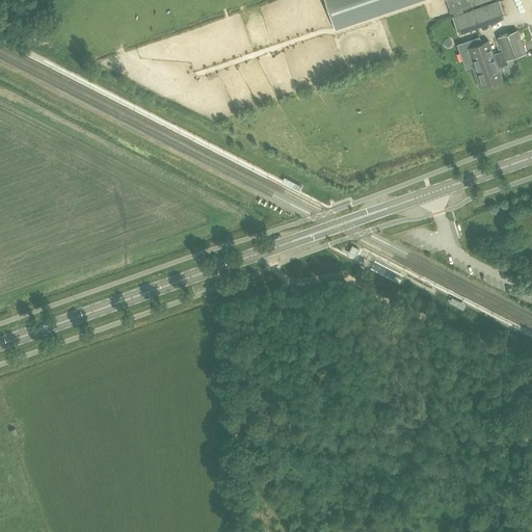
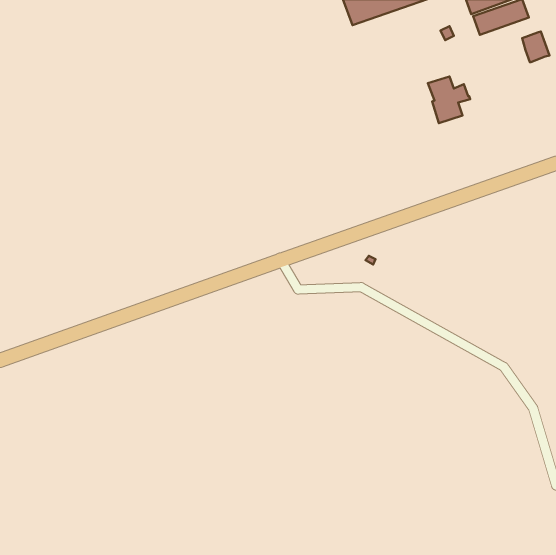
building: [468,41,508,85] -> [428,76,470,123]

